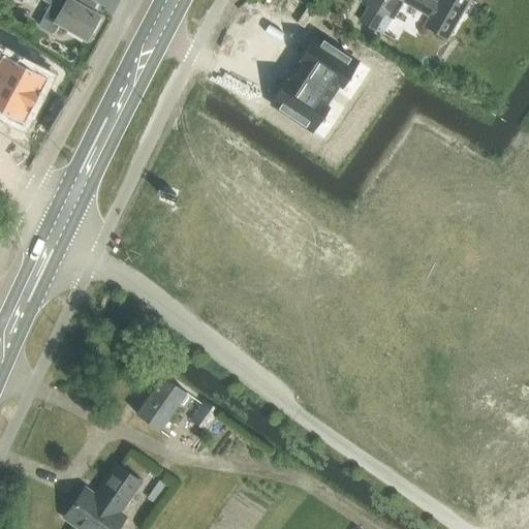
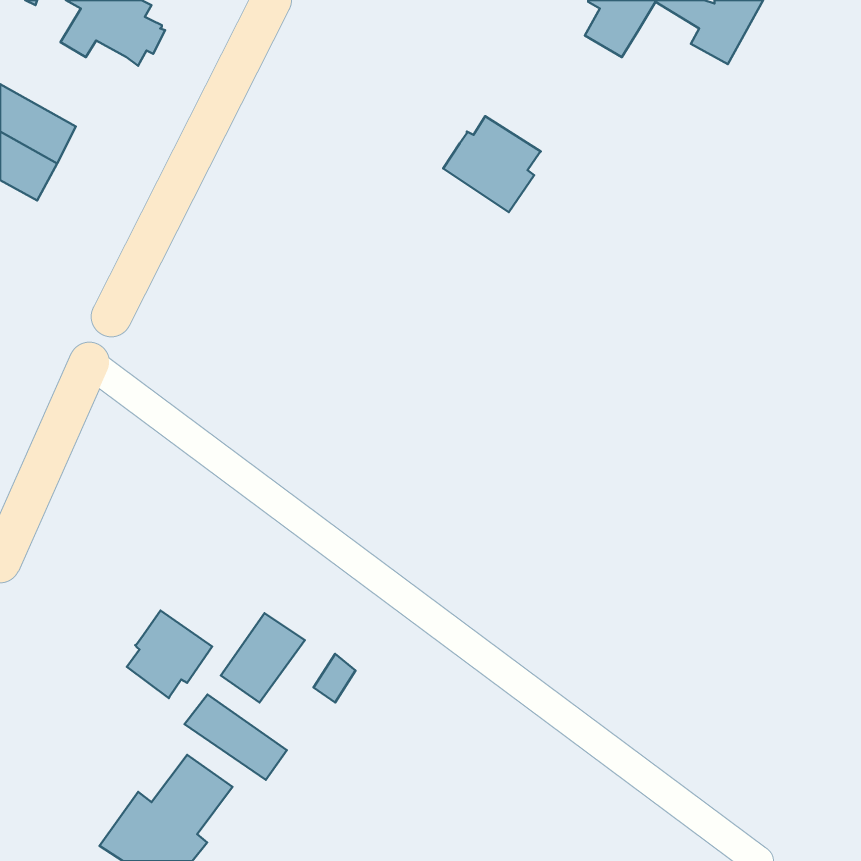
building: [298,35,357,93] -> none
building: none -> [127,610,212,698]
building: none -> [185,694,287,780]

